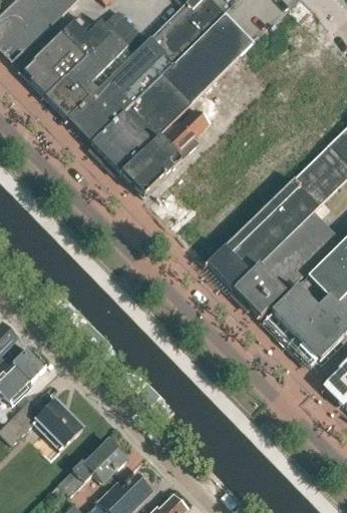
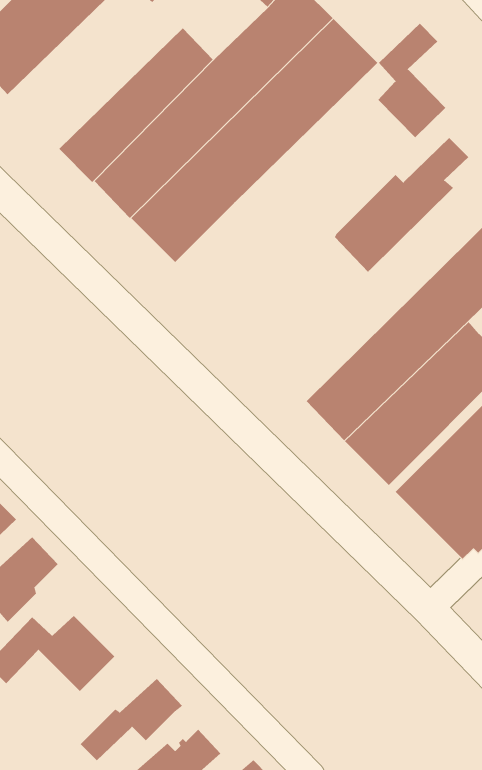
building: [29,9,127,97] -> none
building: none -> [377,23,446,138]
building: [121,108,210,196] -> [334,137,469,273]

